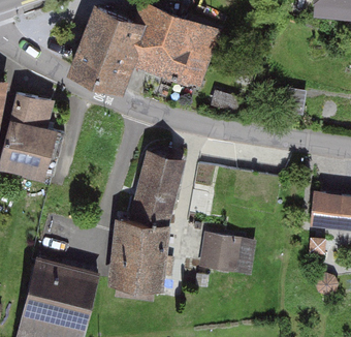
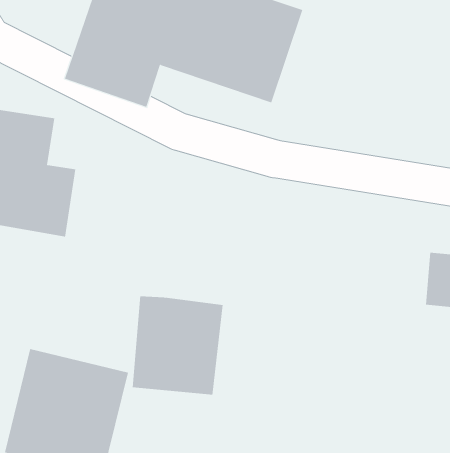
building: [130,152,183,229] -> none
building: [202,227,261,274] -> none

